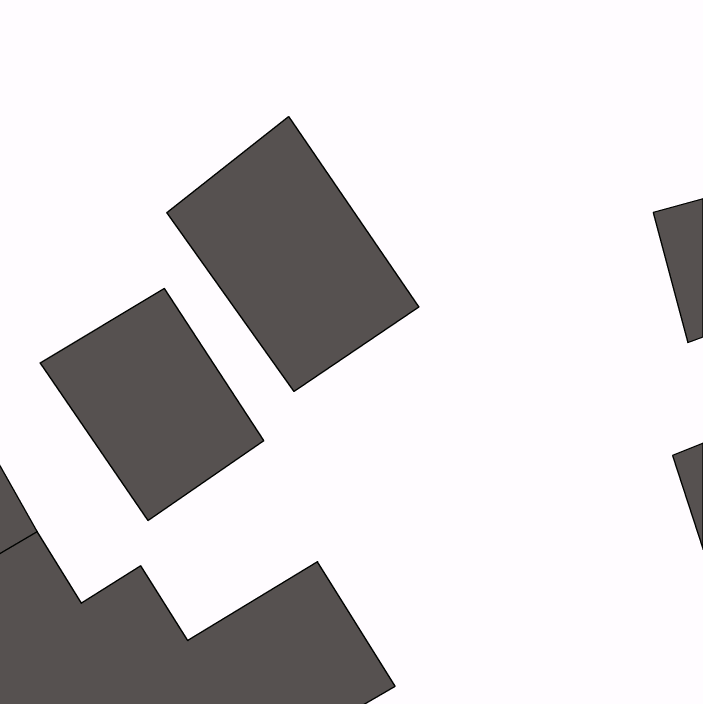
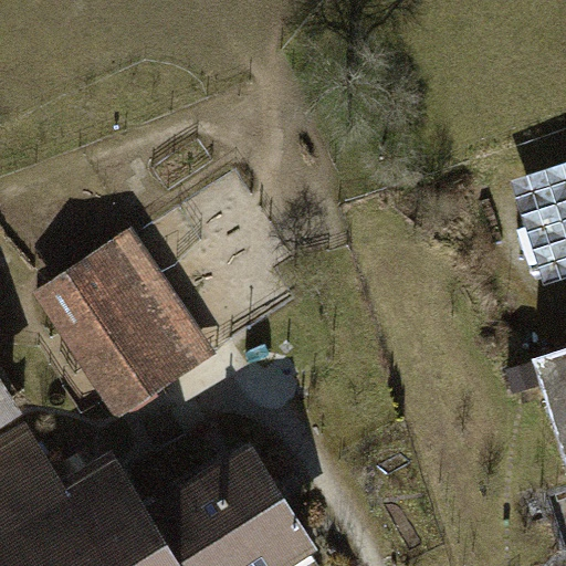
building: [167,117,419,391] -> none

